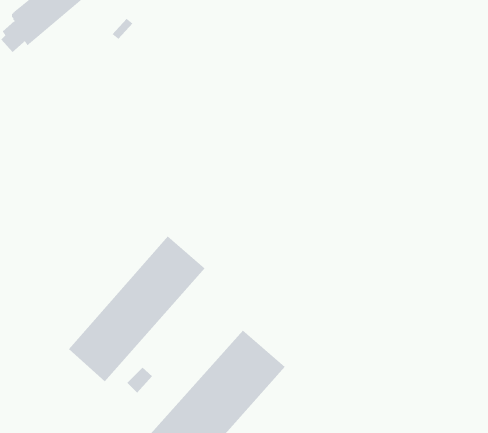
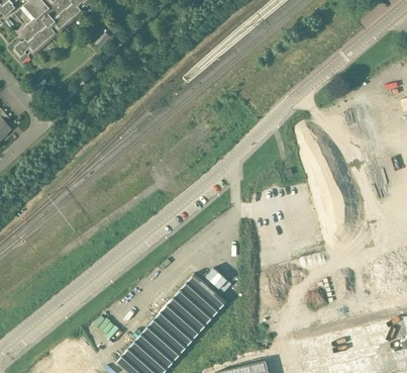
building: [68,235,206,382] -> none

